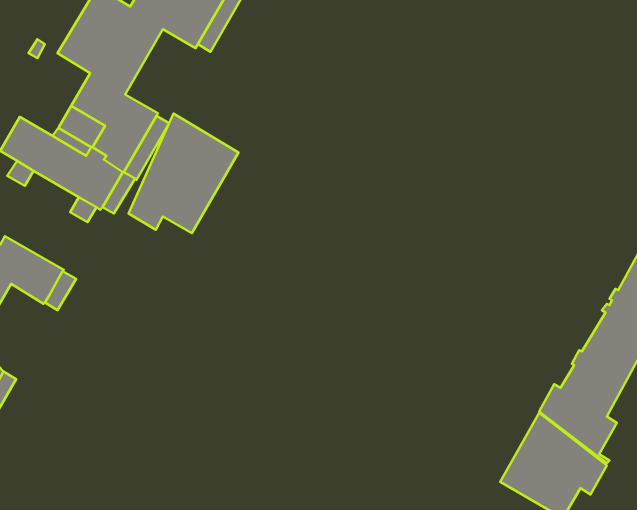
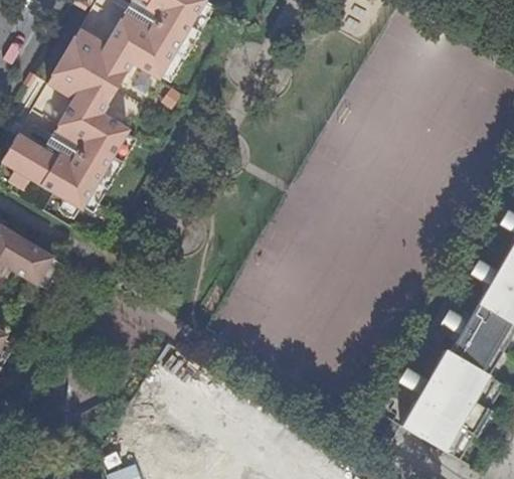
building: [128,114,238,233] -> none

